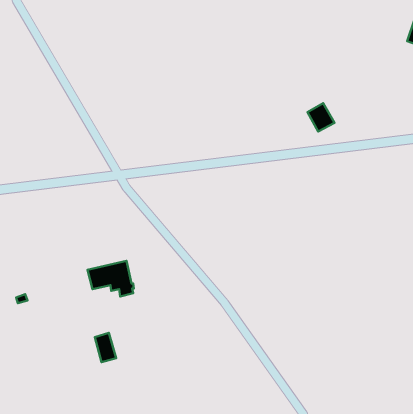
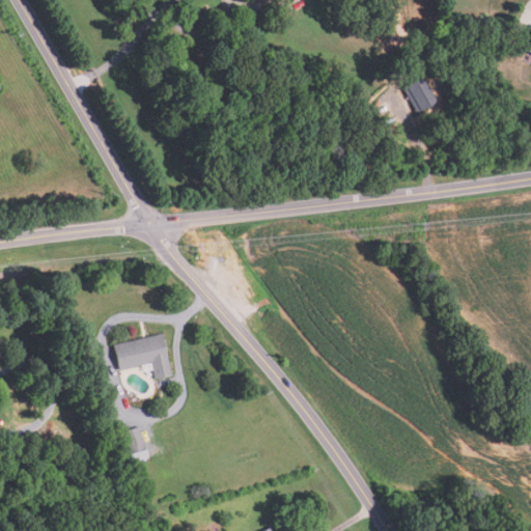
building: [308,103,334,132] -> [406,75,440,111]

